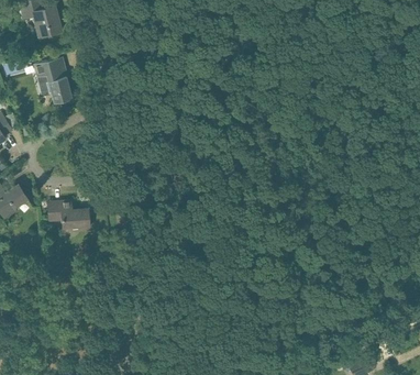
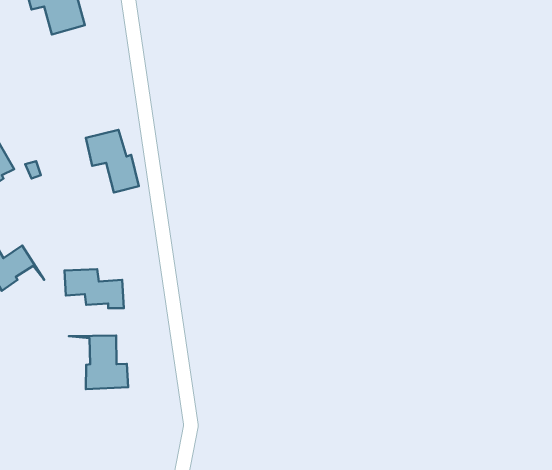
building: [34,58,71,102] -> [86,130,139,192]
building: none -> [69,335,128,389]

